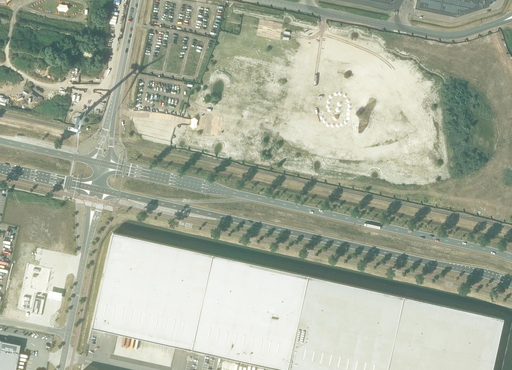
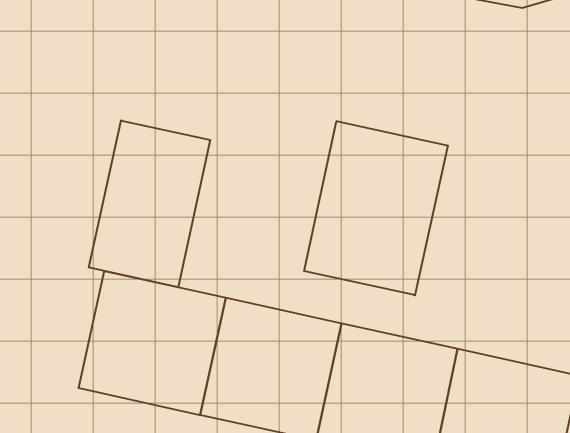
building: none -> [89,120,210,287]
building: none -> [304,121,448,295]

